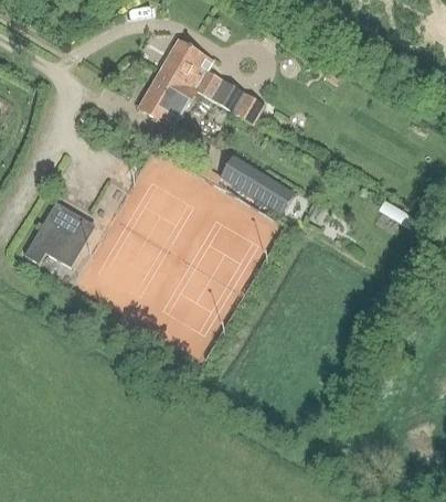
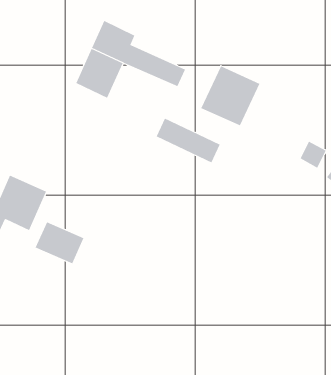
building: none -> [201,66,260,126]
building: none -> [35,221,84,264]

